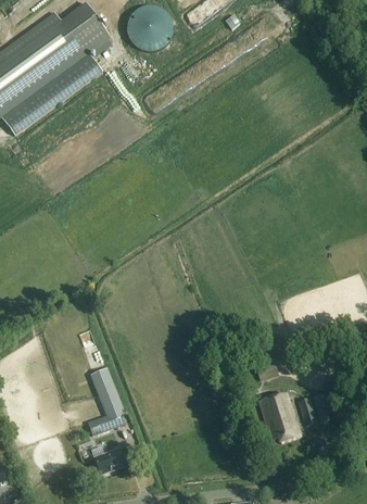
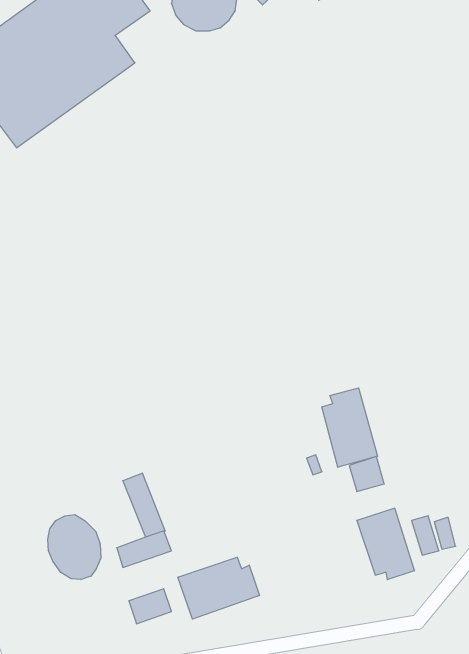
building: none -> [322,388,378,467]
building: none -> [48,515,101,580]
building: none -> [178,557,259,619]

